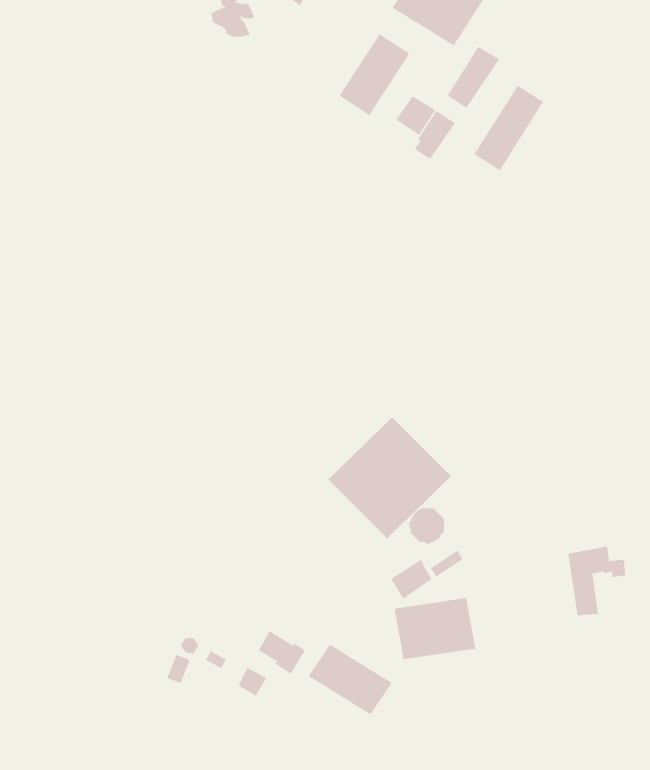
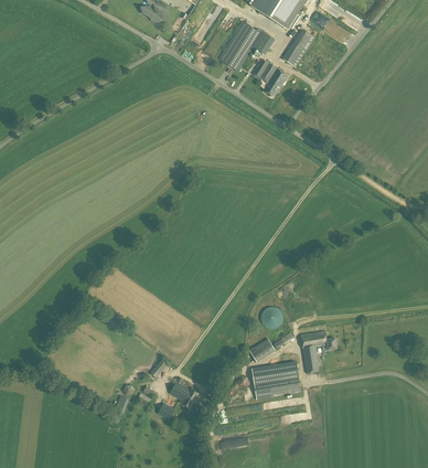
building: [473,85,544,171] -> none
building: [327,416,452,539] -> none
building: [568,546,626,616] -> [300,330,335,372]
building: [308,644,392,715] -> none

